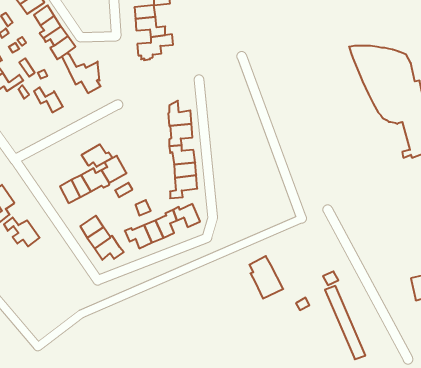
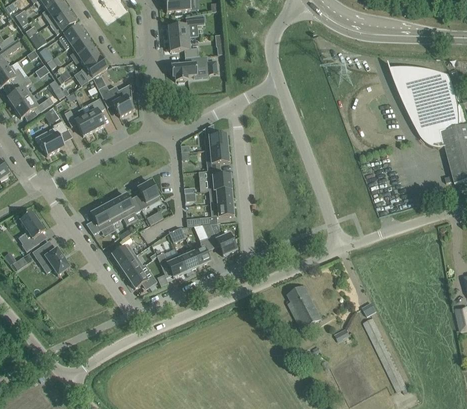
building: none -> [84,97,105,129]
building: none -> [34,119,68,155]
building: [82,144,112,167] -> none

